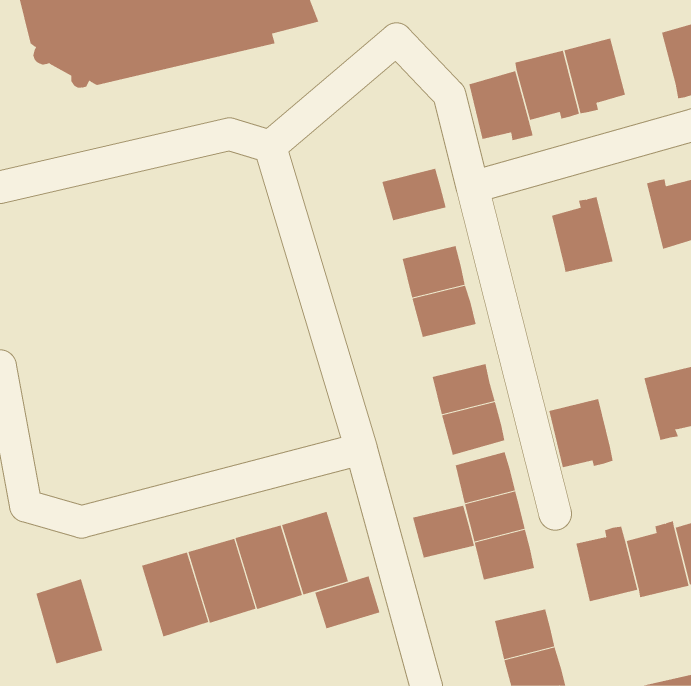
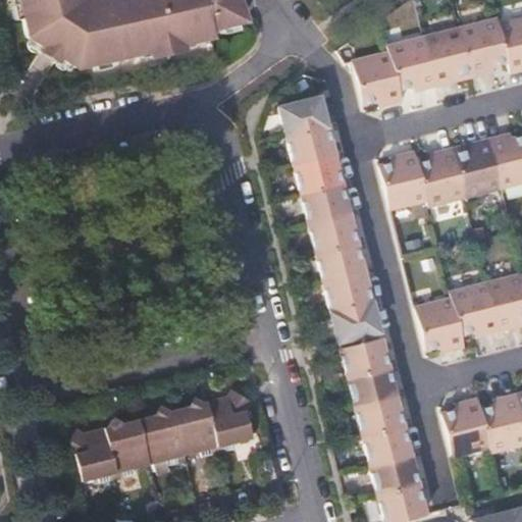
building: none -> [461,19,509,77]
building: none -> [281,96,329,137]
building: none -> [452,138,500,197]
building: none -> [377,151,425,209]
building: none -> [297,156,345,195]
building: none -> [319,244,367,283]
building: none -> [450,284,498,336]
building: [412,505,475,558] -> [365,427,412,467]
building: [314,575,380,629] -> none
building: [35,579,103,664] -> [73,425,124,489]

